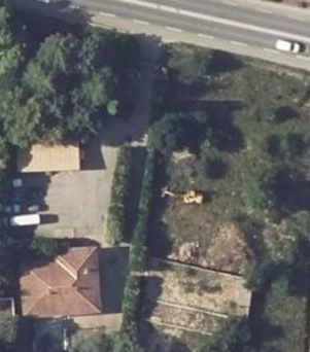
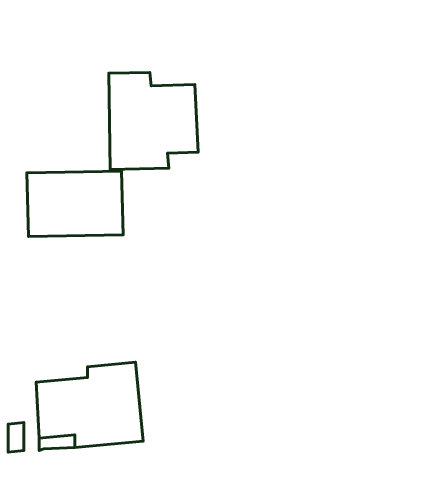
building: none -> [109,73,198,170]

